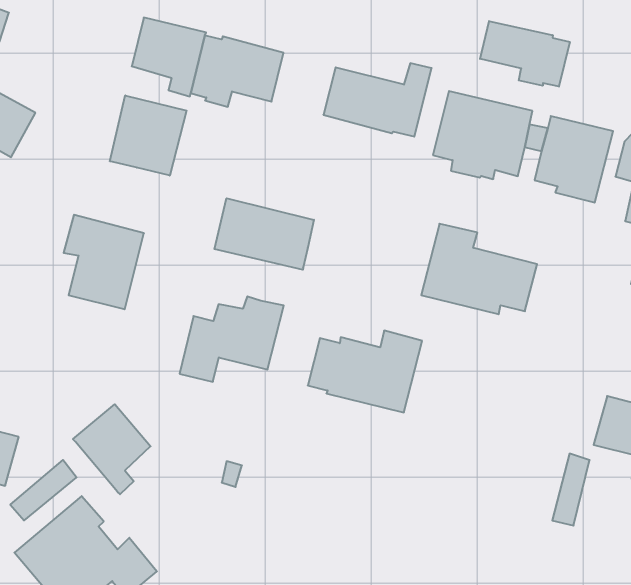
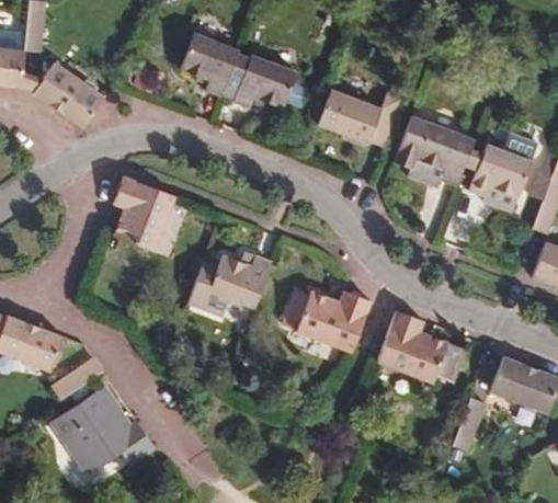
building: [480,21,570,87] -> none
building: [110,95,187,176] -> none
building: [214,198,314,270] -> none
building: [421,224,537,314] -> [377,310,466,382]
building: [73,404,151,494] -> none

